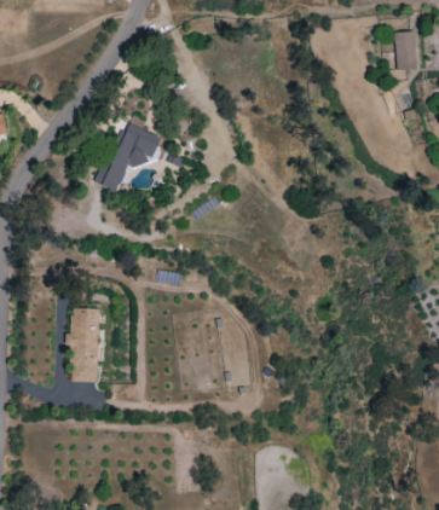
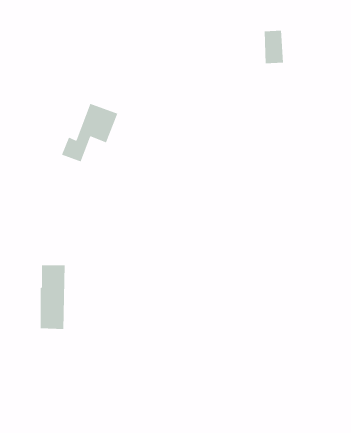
building: [395,30,418,69] -> [264,30,284,64]

